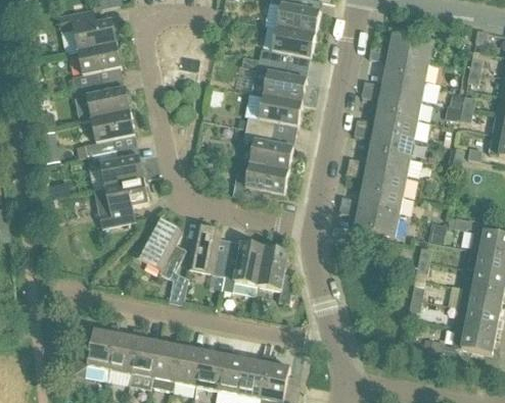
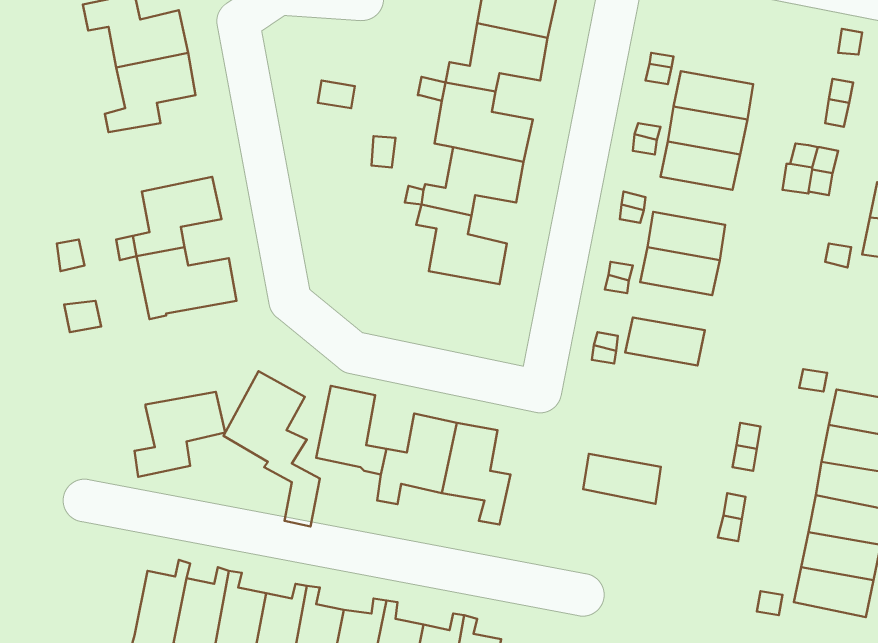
building: [388,33,432,60] -> none
building: [73,82,130,119] -> none
building: [373,111,417,138] -> none
building: [232,163,288,200] -> none
building: [362,169,406,196] -> none
building: [98,180,148,226] -> [135,392,225,477]
building: [355,208,398,236] -> [583,454,661,504]

